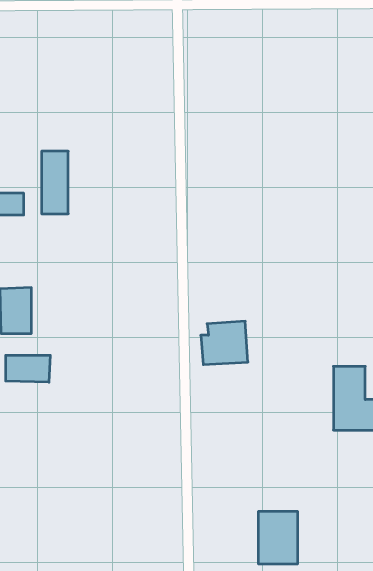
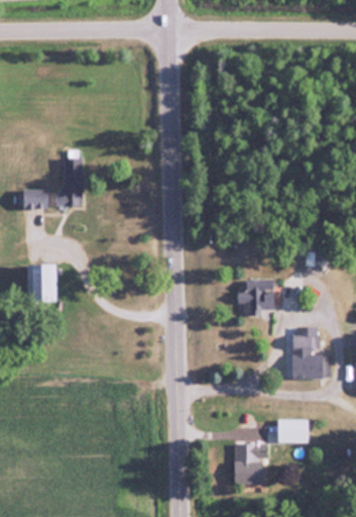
building: [201,321,248,365] -> [239,279,276,313]
building: [6,355,50,382] -> none
building: none -> [277,419,308,443]

